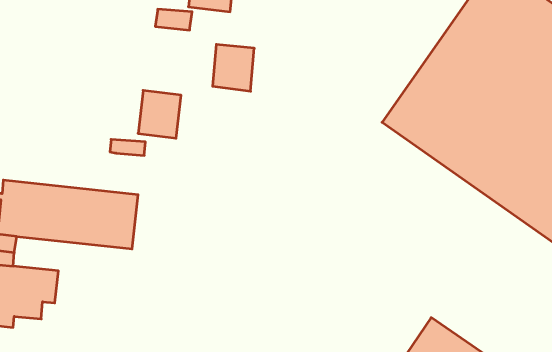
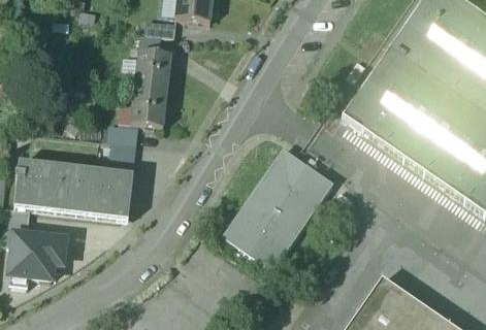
building: [213,44,254,91] -> [138,52,173,91]
building: none -> [114,139,139,165]
building: none -> [224,146,332,268]

